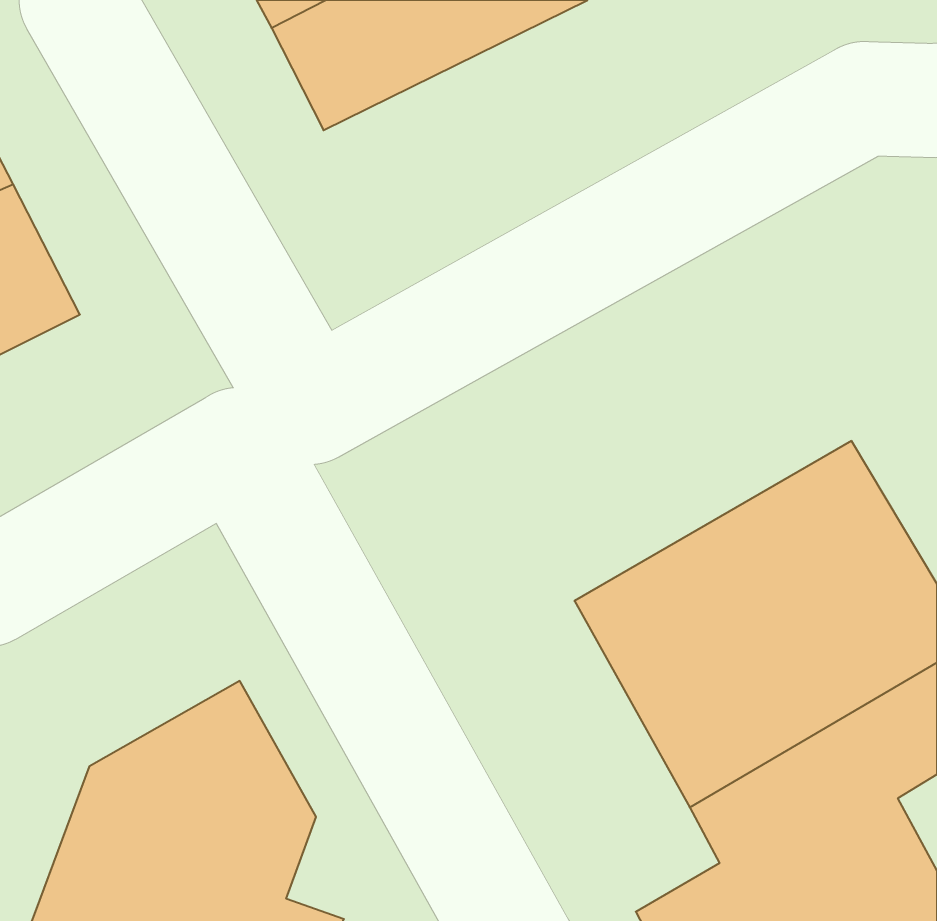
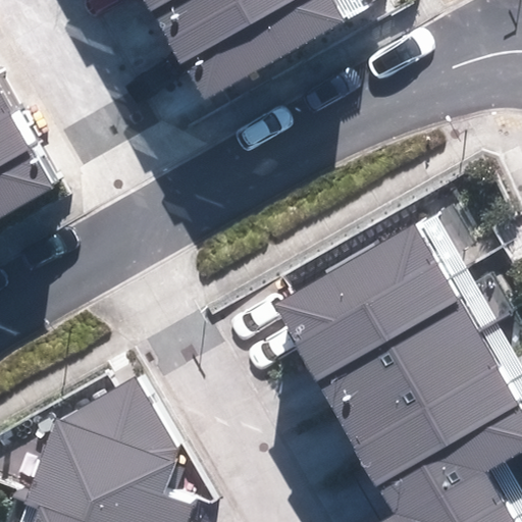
building: none -> [277,193,467,346]

